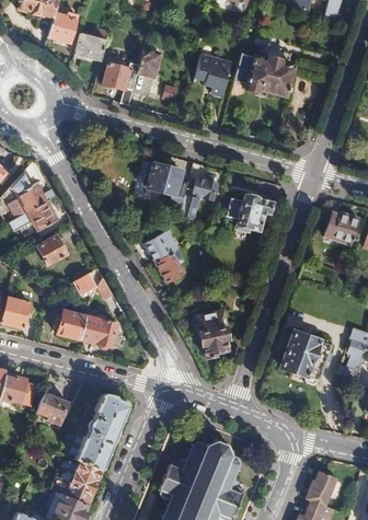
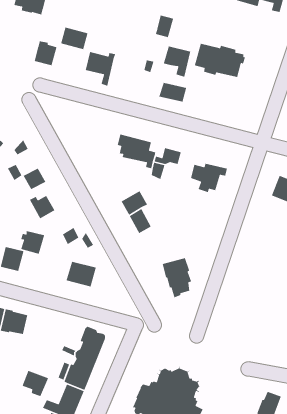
building: [47,13,76,44] -> [34,40,58,66]
building: [138,49,161,78] -> [155,14,174,38]
building: none -> [158,82,187,103]
building: [19,184,47,212] -> none
building: [57,310,87,339] -> [20,230,45,255]
building: [280,331,332,383] -> none
building: [37,393,70,426] -> [22,370,49,397]

